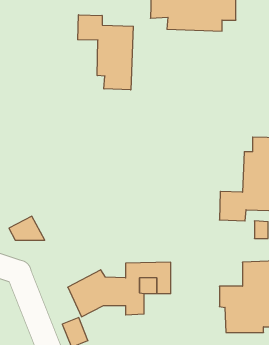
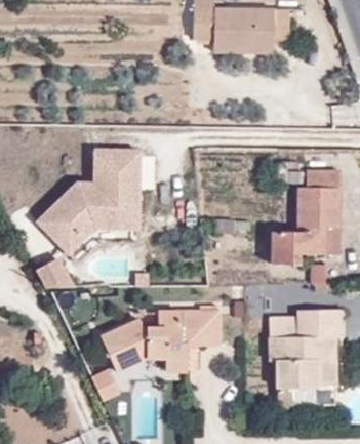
building: [78,15,133,90] -> none
building: none -> [41,150,143,251]

